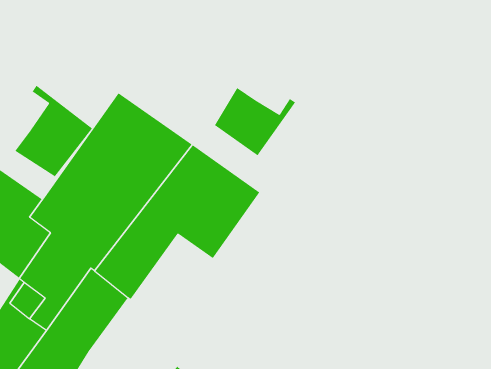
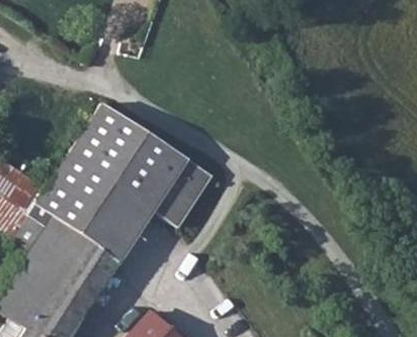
building: [14,85,93,177] -> none
building: [214,87,296,156] -> none

